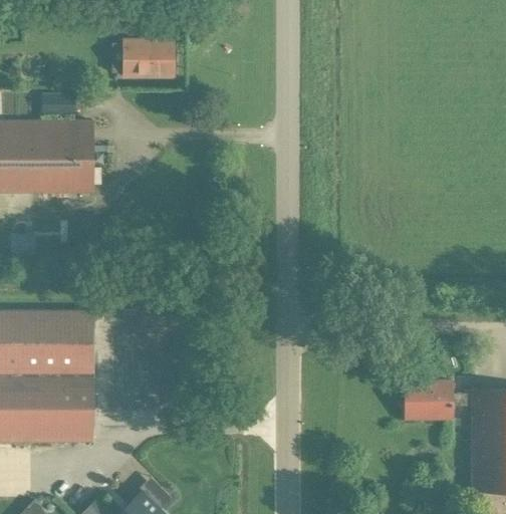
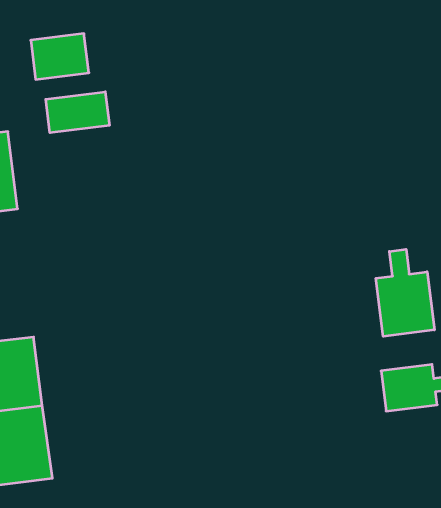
building: none -> [46,92,109,133]
building: none -> [376,249,434,336]

